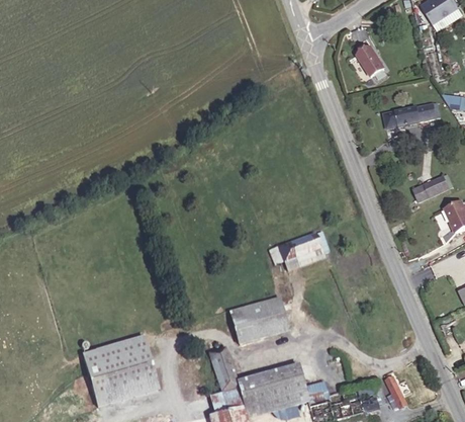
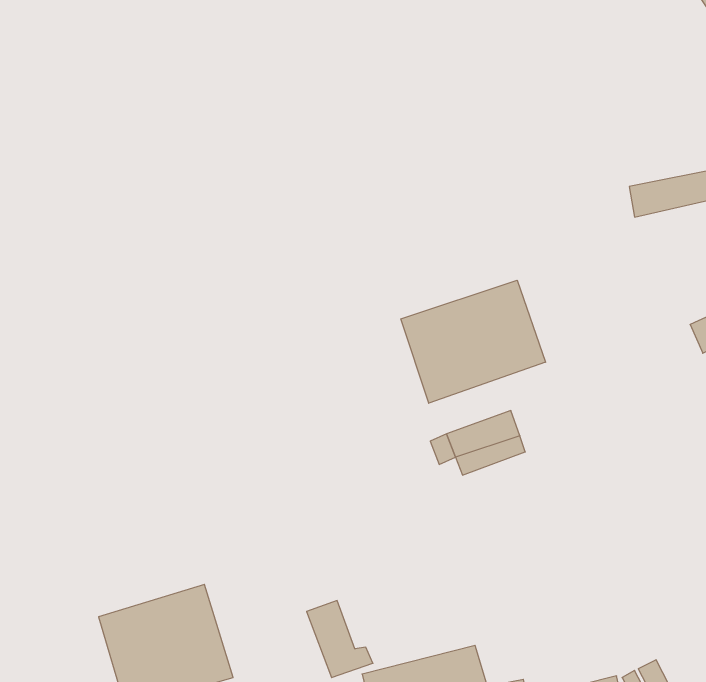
building: [359,49,386,79] -> none
building: none -> [401,280,546,403]
building: [226,297,284,340] -> none

